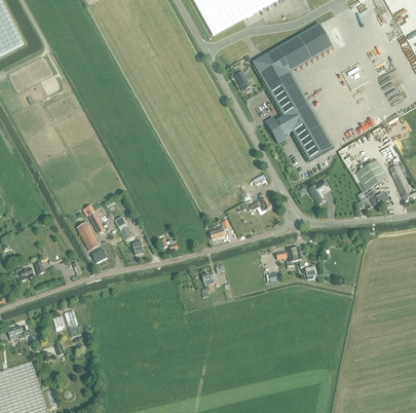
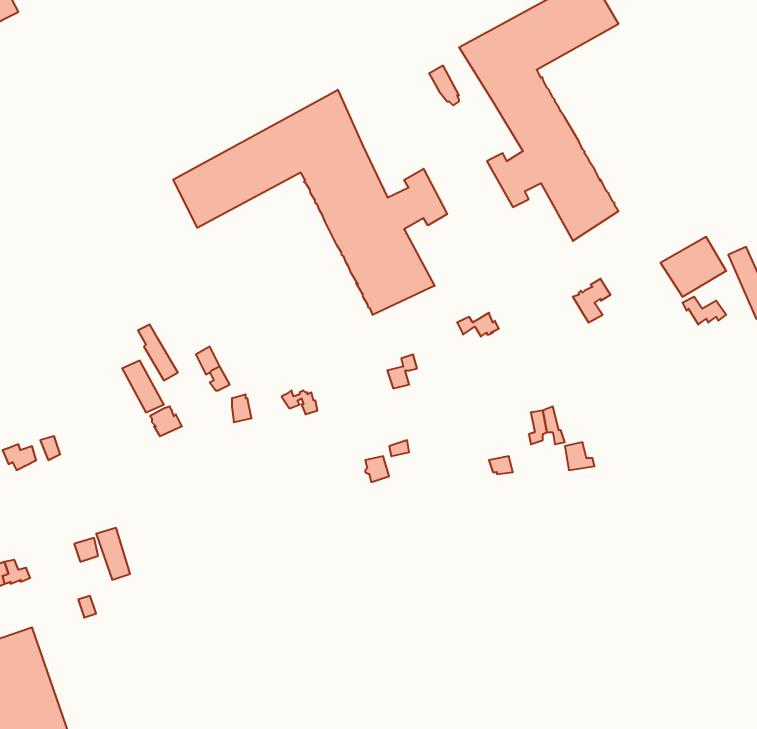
building: none -> [173,90,447,315]

